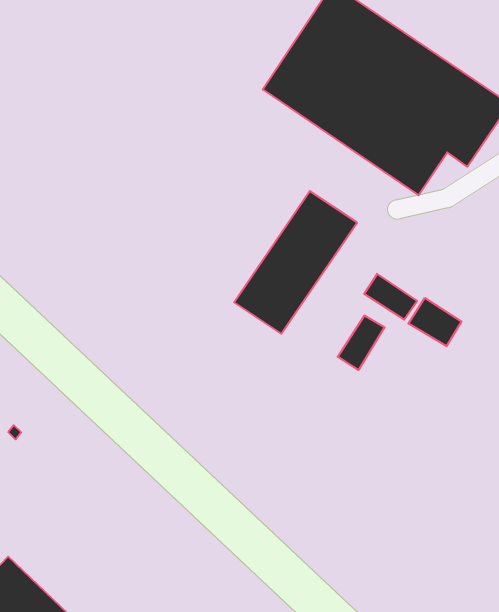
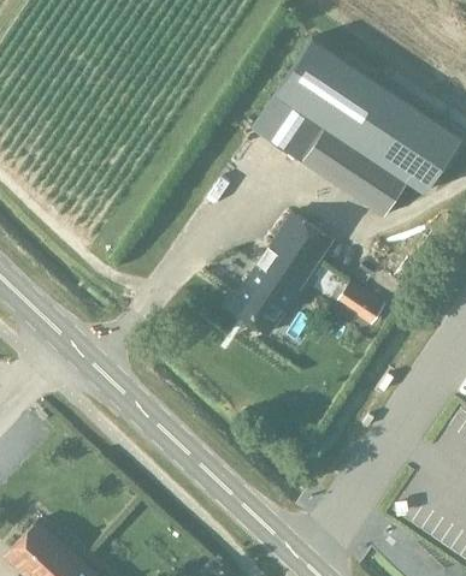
building: [408,298,461,346] -> none
building: [338,315,385,370] -> none

